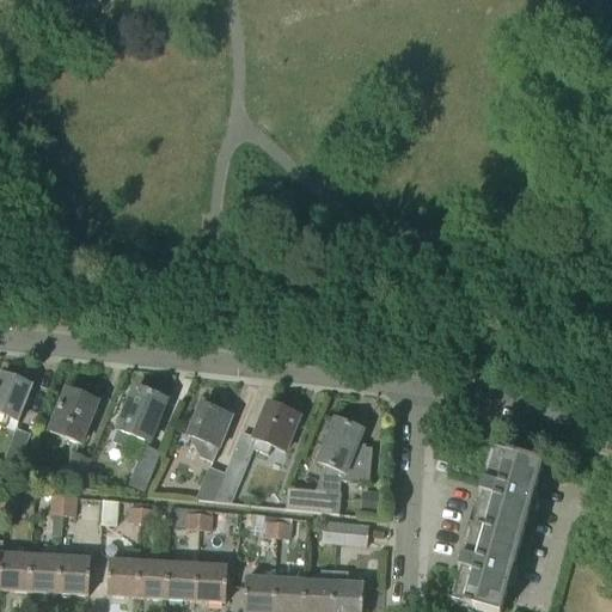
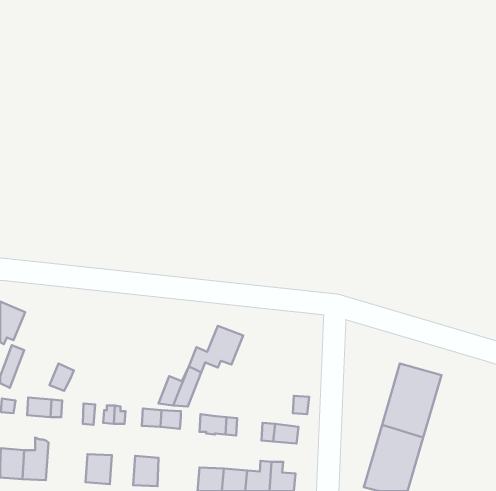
building: [114,386,166,489] -> none
building: [50,387,98,440] -> none
building: [183,403,232,459] -> none
building: [286,417,375,512] -> none
building: [57,544,90,593] -> none
building: [136,559,167,596] -> none
building: [195,563,226,599] -> none

